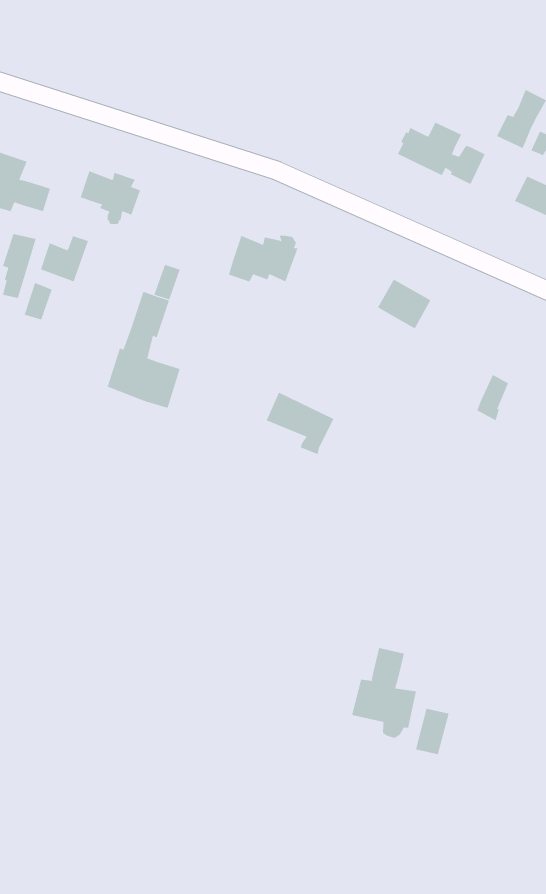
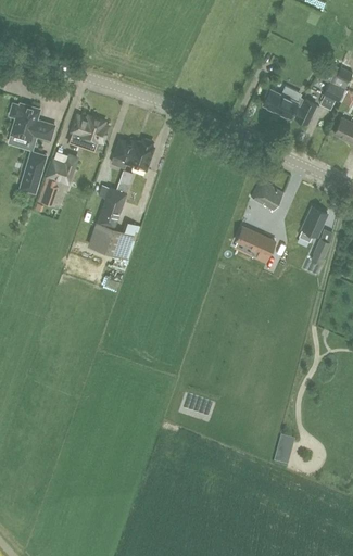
building: [228,235,299,282] -> [112,139,154,167]
building: none -> [300,205,329,238]
building: [266,392,334,455] -> [235,225,276,263]
building: [351,647,416,738] -> none

